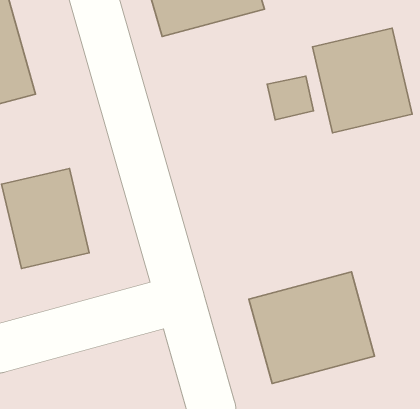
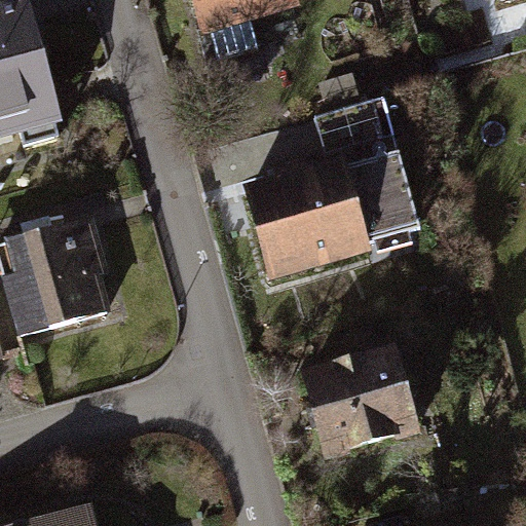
building: [313,28,412,133] -> none
building: none -> [246,157,401,296]

